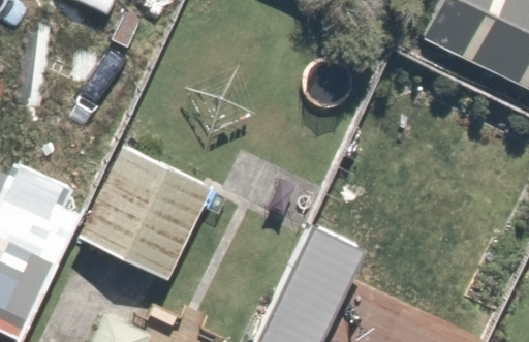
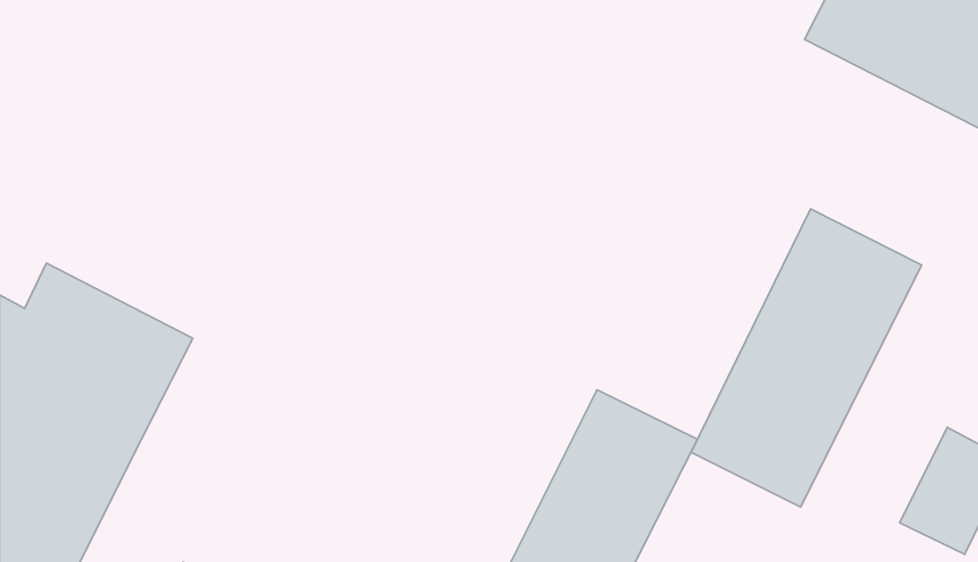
building: none -> [691,209,921,507]
building: [76,154,211,289] -> none

